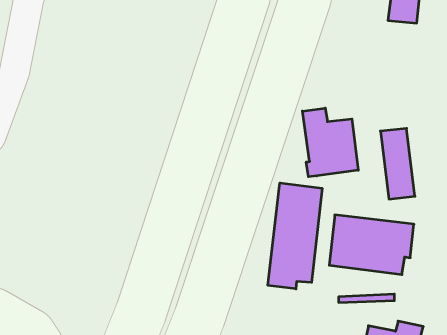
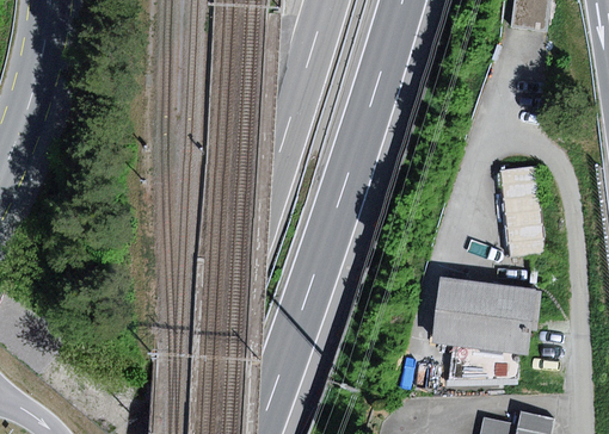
building: [302,108,358,177] -> none
building: [268,183,322,289] -> none

